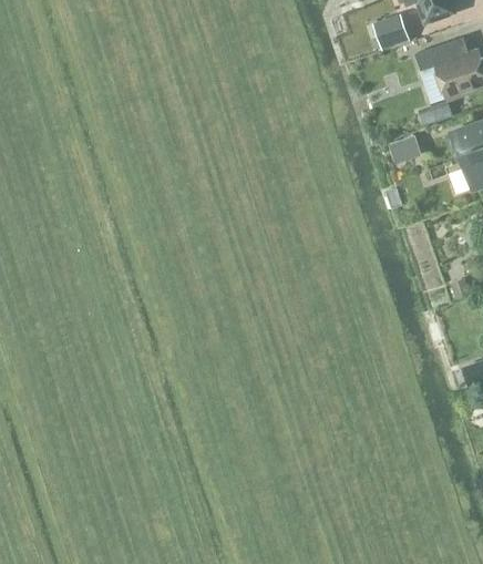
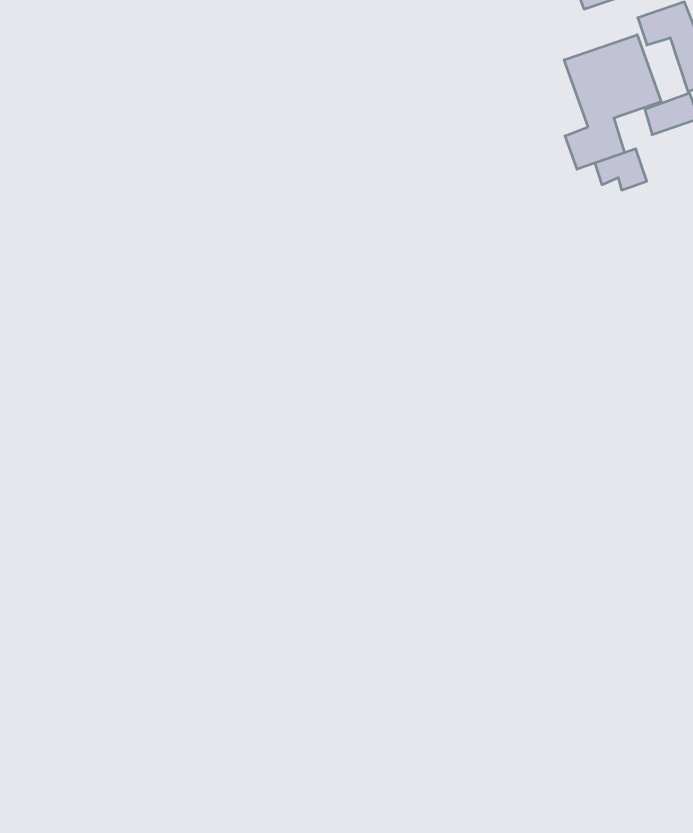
building: none -> [564,35,661,169]

